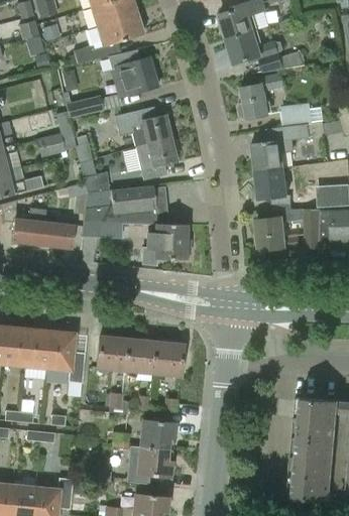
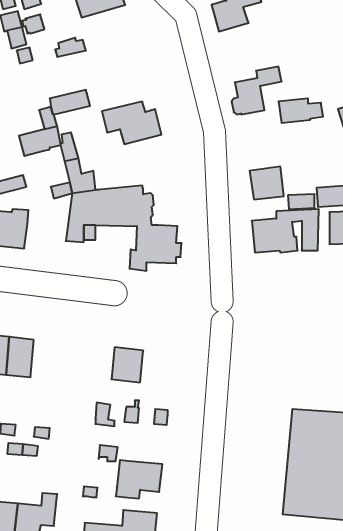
building: [96,14,143,46] -> none
building: [226,31,306,72] -> none
building: [108,49,157,97] -> none
building: [252,122,325,171] -> none
building: [136,137,178,179] -> none
building: [41,222,75,249] -> none
building: [47,332,85,382] -> none
building: [96,336,127,369] -> none
building: [151,342,183,375] -> none
building: [140,419,174,449] -> none

